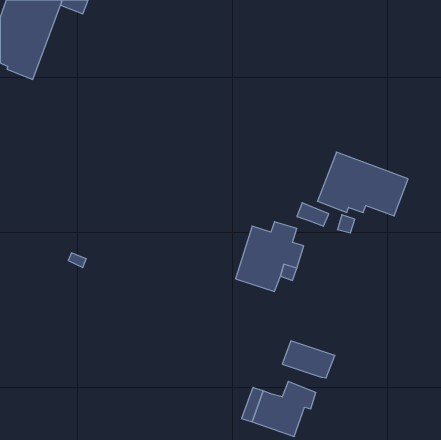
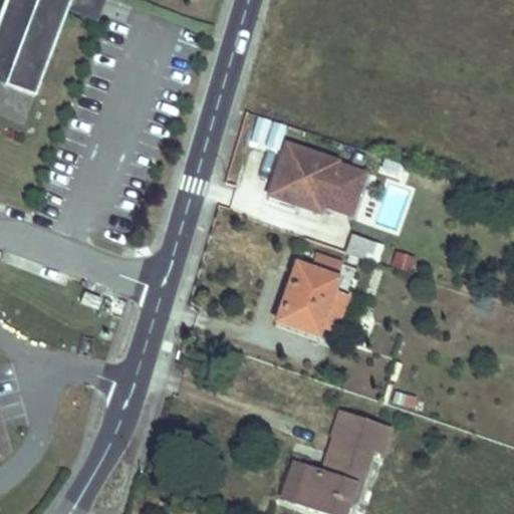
building: [317,152,408,216] -> [262,141,367,215]
building: none -> [316,425,373,463]

